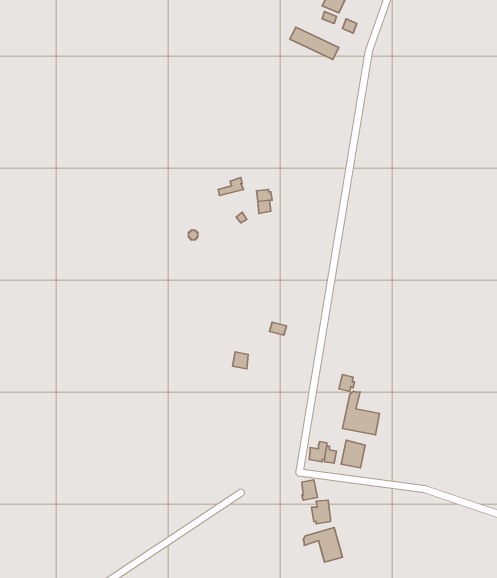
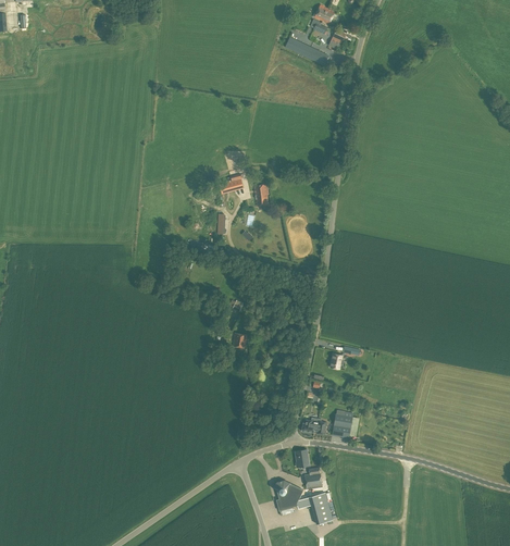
building: [343,391,379,435] -> none
building: none -> [273,479,303,514]

